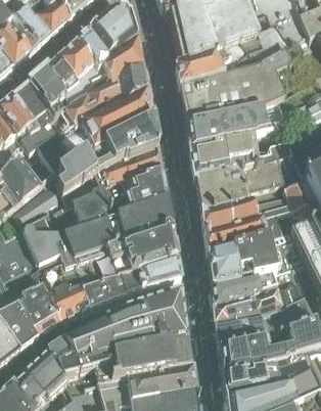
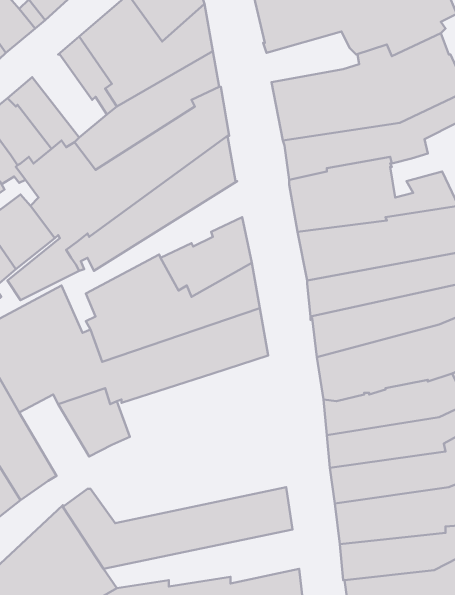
building: [177,50,229,82] -> none
building: [30,64,77,117] -> none
building: [54,144,162,232] -> none
building: [83,254,181,305] -> none
building: [21,278,65,329] -> none
building: [66,285,190,359] -> none
building: [75,363,197,400] -> none

